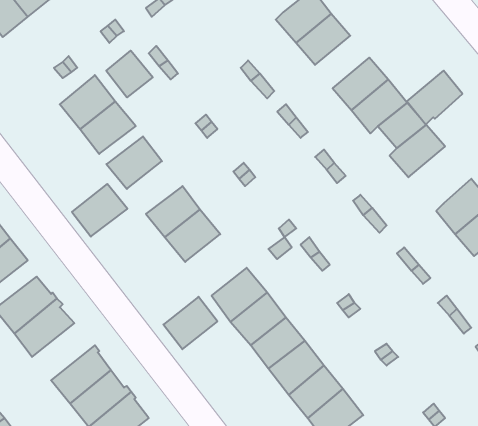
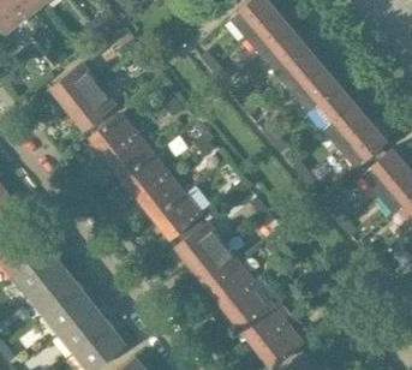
building: none -> [262,31,306,74]
building: [106,51,153,97] -> none
building: [407,71,462,125] -> [339,123,384,167]
building: [72,184,127,237] -> [107,135,153,178]
building: [163,297,217,349] -> [155,195,199,238]
building: none -> [29,268,80,315]

